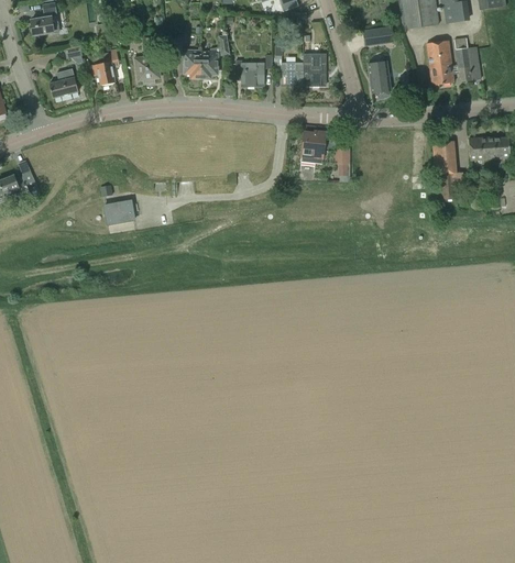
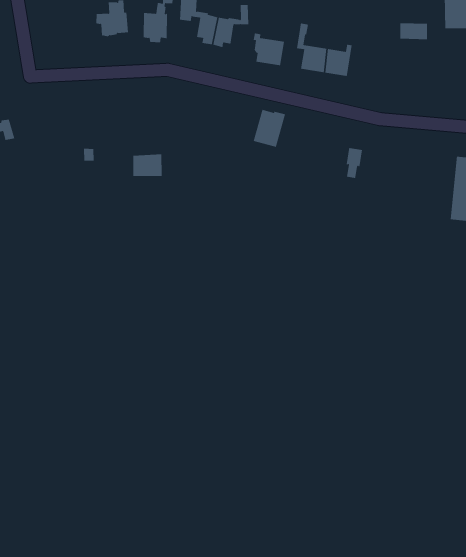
building: [368,60,391,92] -> none
building: [48,70,78,97] -> none
building: [300,131,326,163] -> [253,109,286,148]
building: [105,199,134,223] -> [132,154,162,177]

